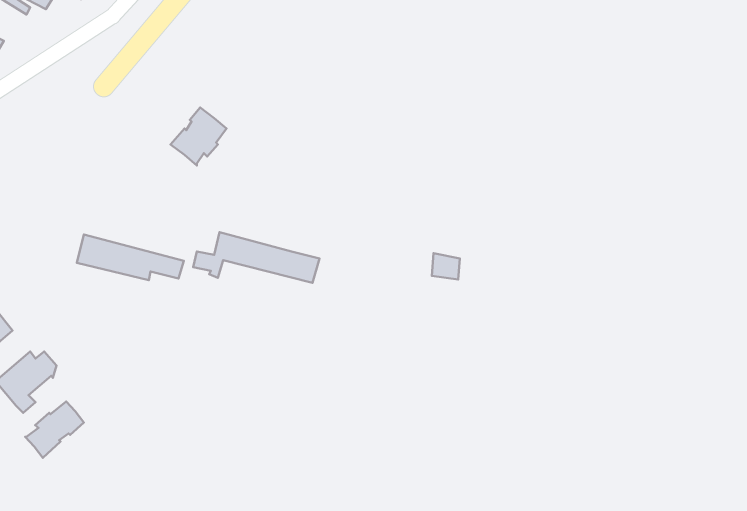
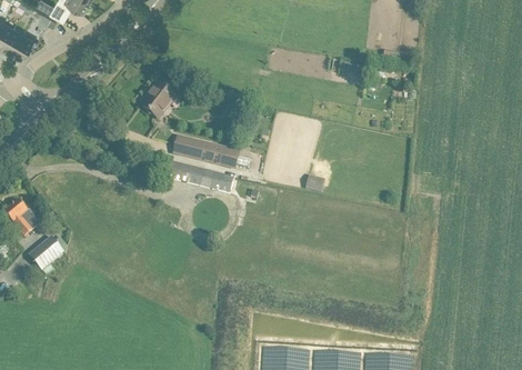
building: [77,235,184,280] -> [172,137,240,166]
building: [25,402,84,458] -> none

